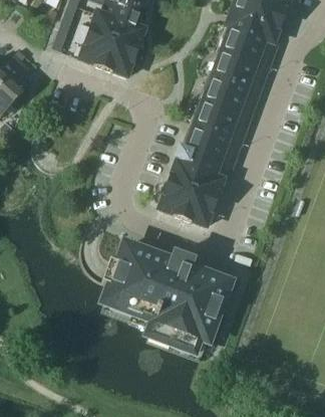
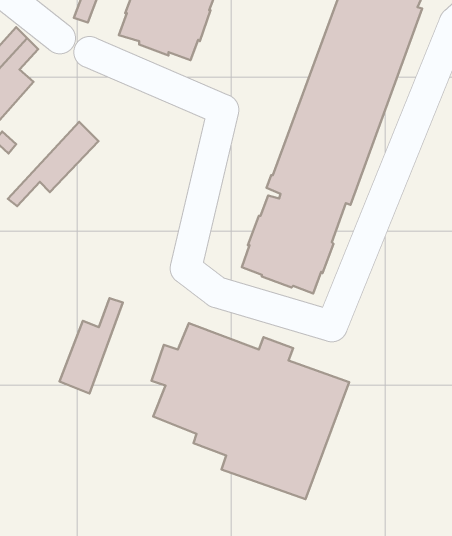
building: none -> [8,122,98,206]
building: none -> [59,298,123,394]

